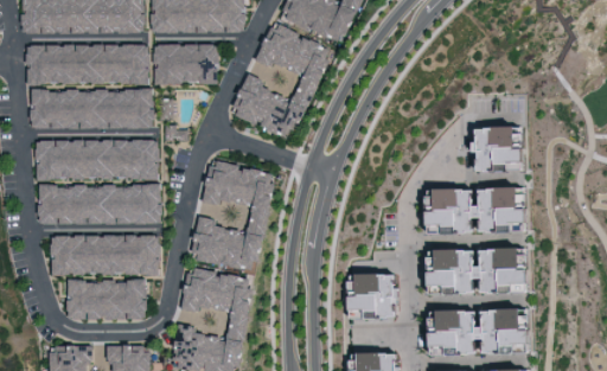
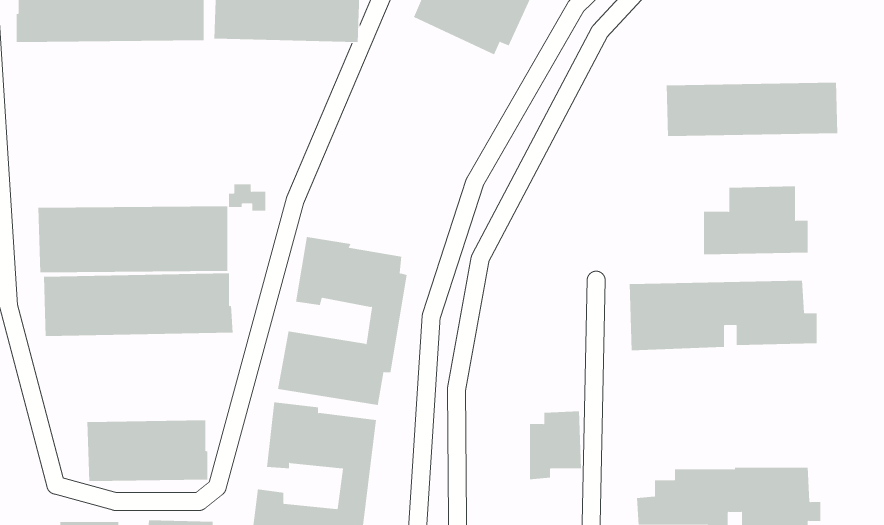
building: [230,25,330,137] -> none
building: [25,44,218,83] -> none
building: none -> [666,82,838,137]
building: [28,89,154,128] -> none
building: [50,235,160,275] -> none
building: [426,249,547,295] -> none

